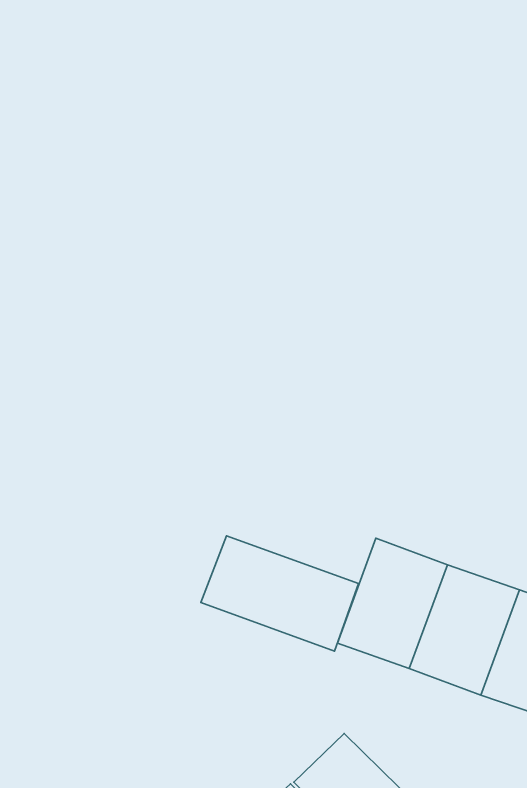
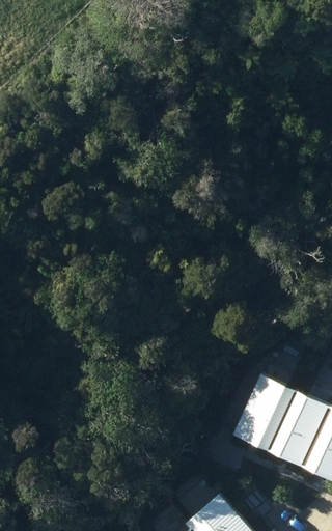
building: [201,536,359,651] -> none

